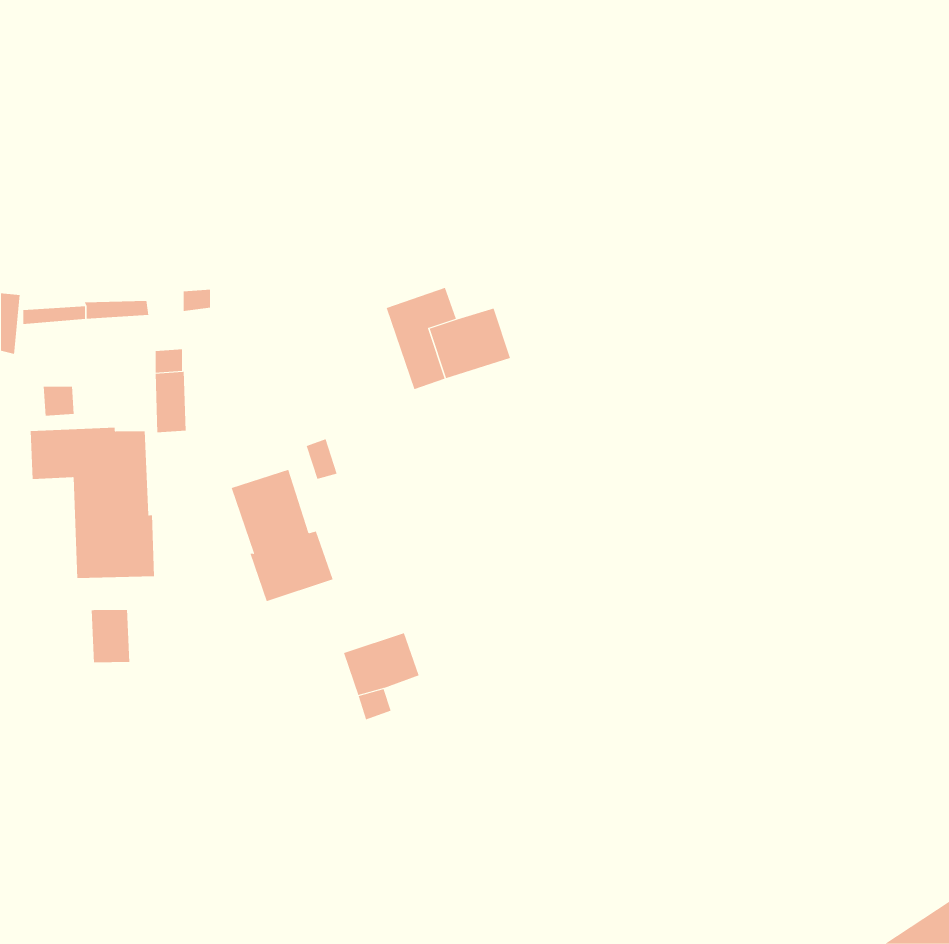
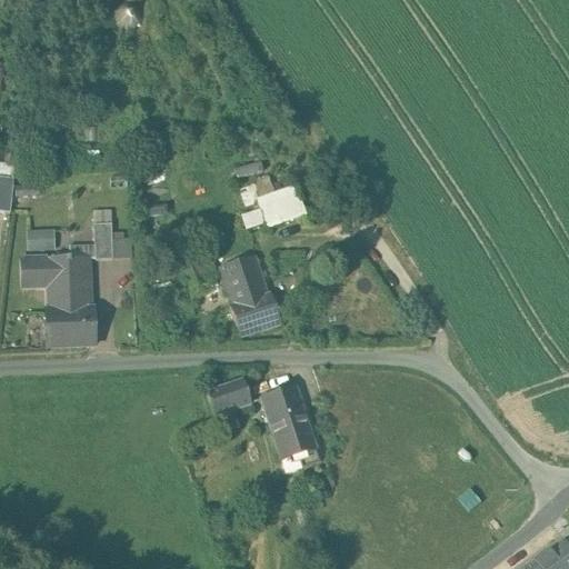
building: [231,469,333,602] -> [219,254,280,333]
building: [91,609,130,663] -> none
building: none -> [262,386,320,465]

